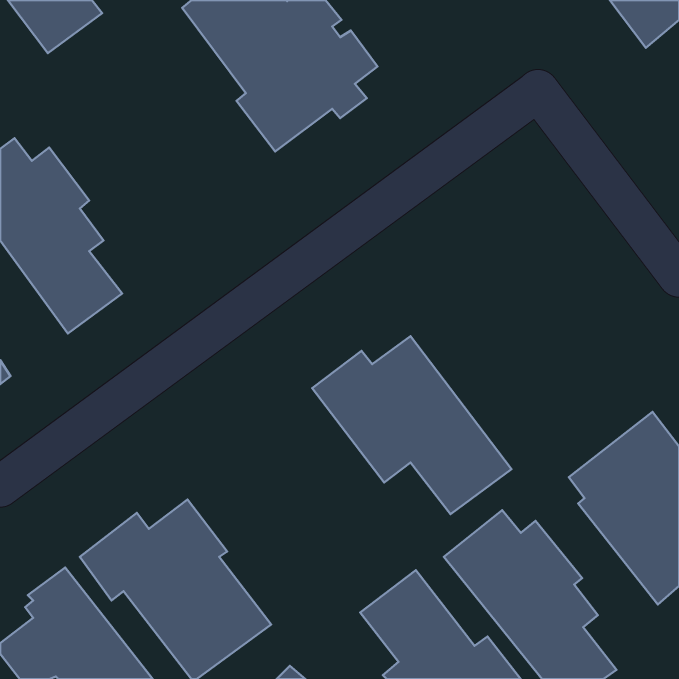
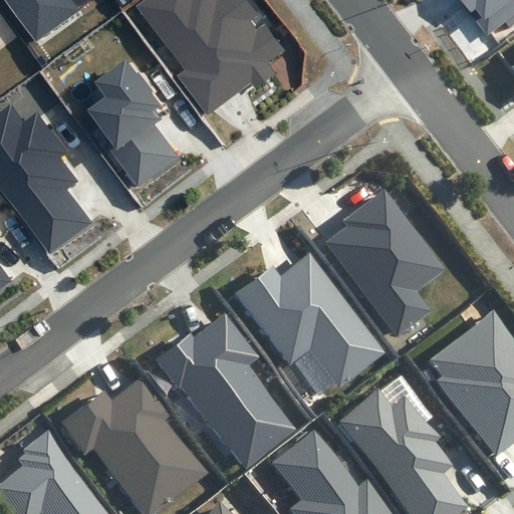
building: none -> [86,55,177,187]
building: none -> [326,189,446,336]
building: none -> [157,312,296,468]

